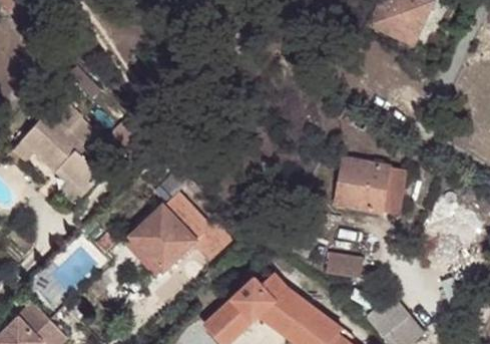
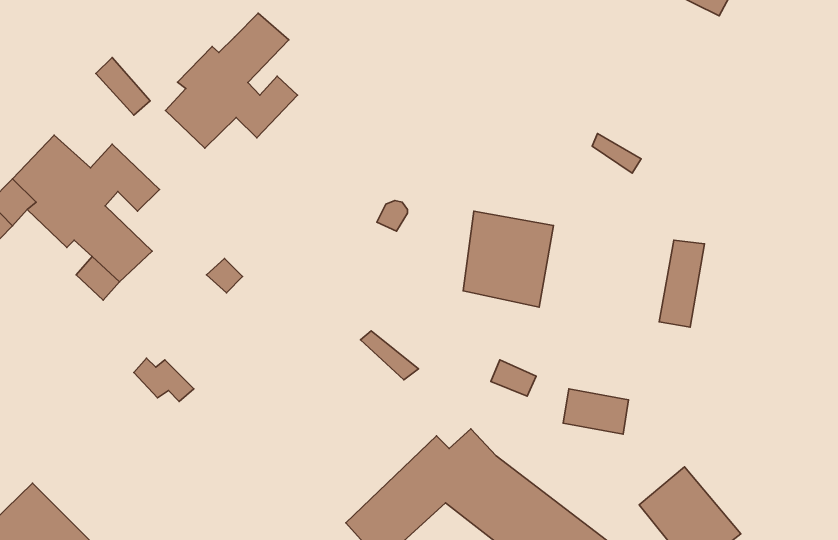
building: none -> [166,13,298,148]
building: [336,159,386,213] -> [463,211,554,307]
building: [121,204,217,281] -> none

